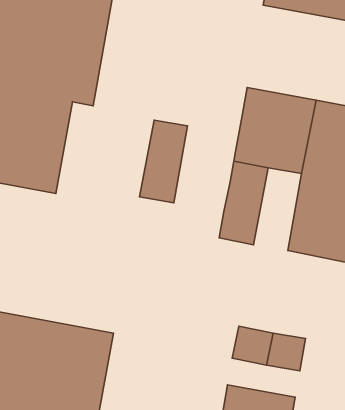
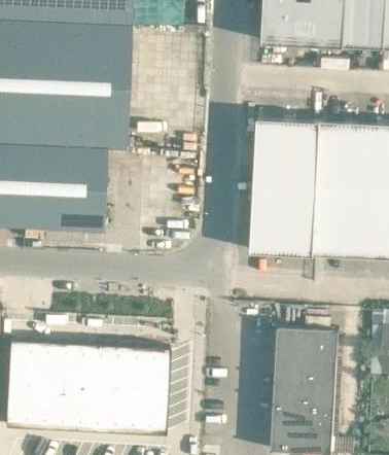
building: [139,120,188,203] -> [280,184,314,254]
building: none -> [274,355,335,382]

